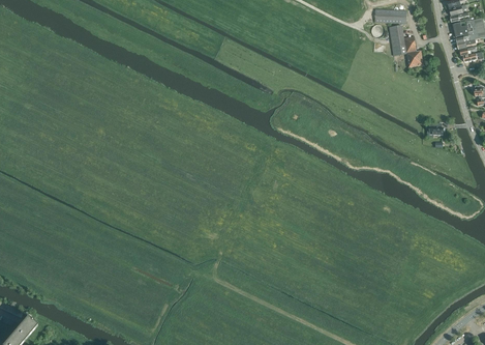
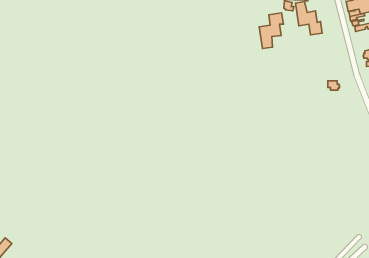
building: none -> [259,13,283,49]

